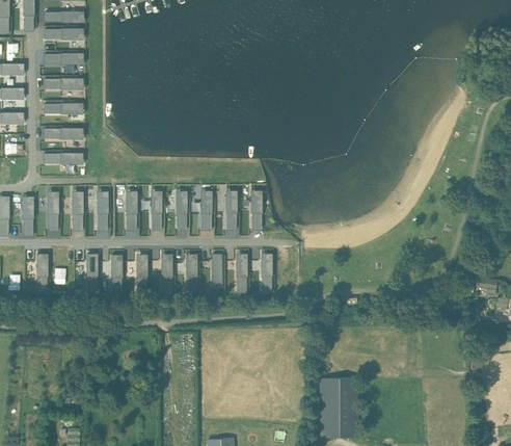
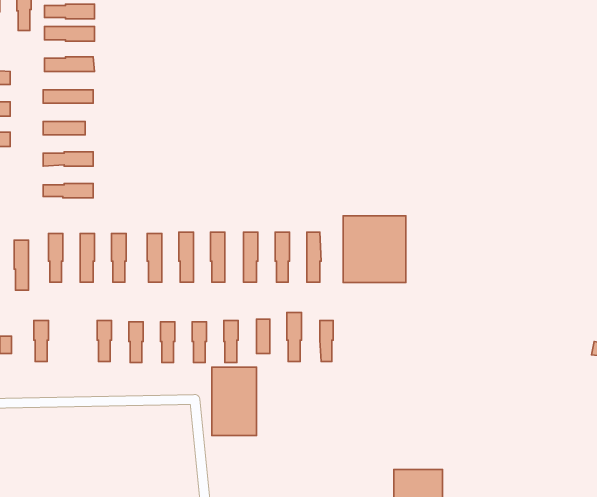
building: none -> [343,216,406,283]
building: none -> [212,367,257,435]

